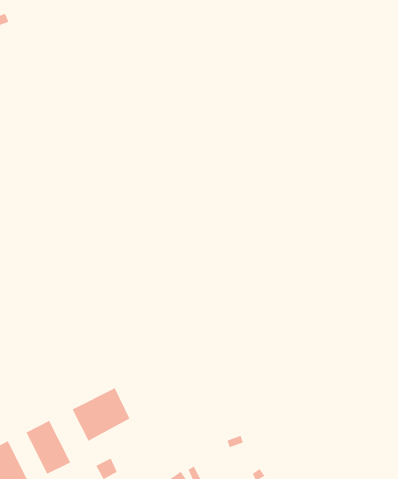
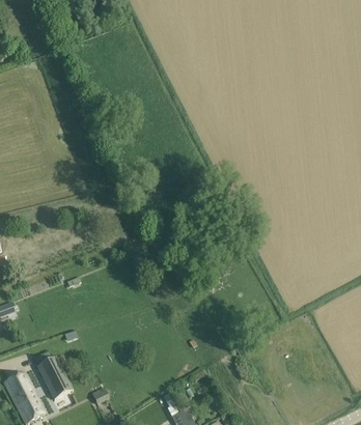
building: [72,387,131,442] -> none

